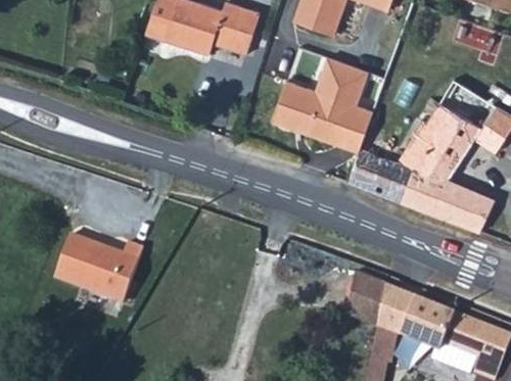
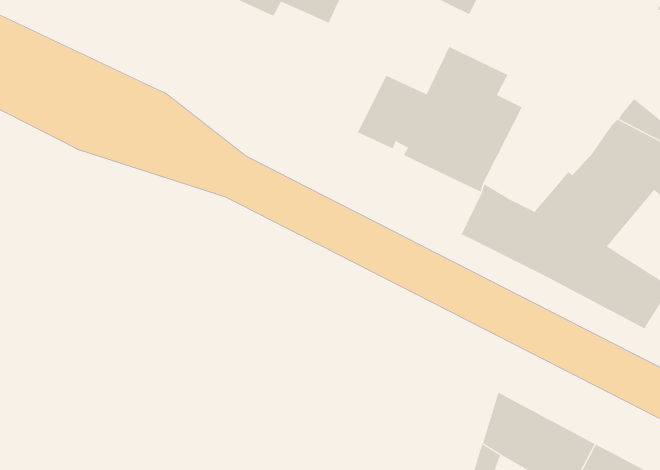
building: [54,231,142,297] -> none
building: [347,271,386,325] -> none

